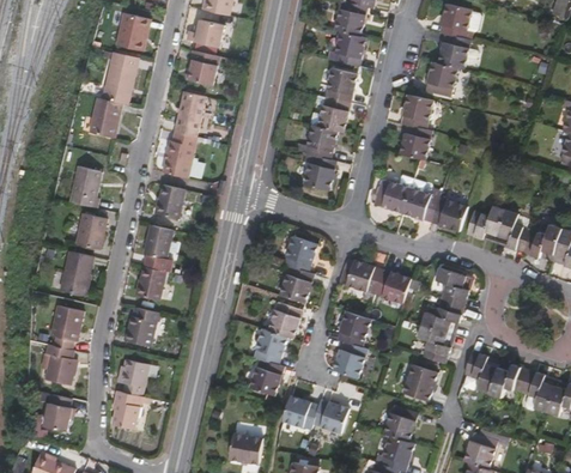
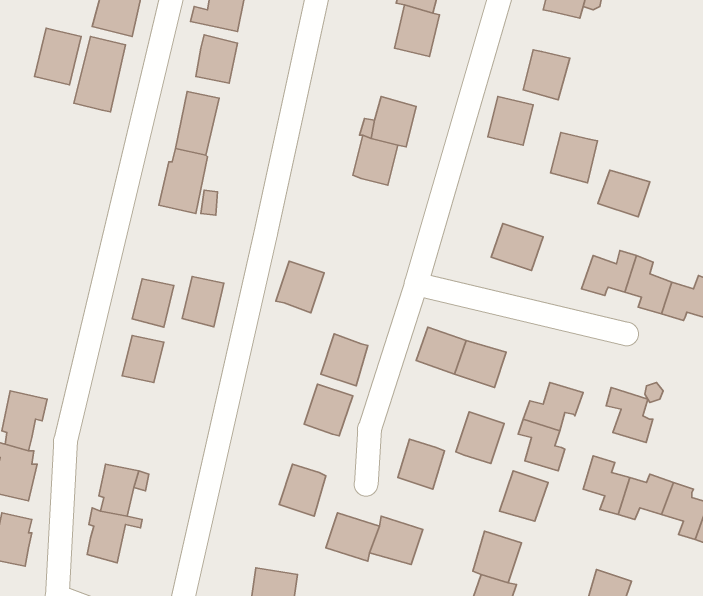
building: [437,34,470,69] -> none
building: [322,66,354,102] -> none
building: [89,98,122,139] -> [34,28,81,85]
building: [396,125,430,160] -> [551,133,597,183]
building: [300,153,333,188] -> none
building: [69,165,102,207] -> none
building: [373,176,409,210] -> none
building: [157,184,187,220] -> [182,277,224,327]
building: [430,195,467,229] -> [598,170,650,217]
building: [77,212,107,248] -> none
building: [283,235,317,272] -> [276,261,324,313]
building: [60,249,92,295] -> none
building: [438,267,472,307] -> [606,387,653,443]
building: [124,305,160,345] -> none
building: [336,309,371,346] -> [456,412,504,464]
building: [253,328,287,364] -> none

